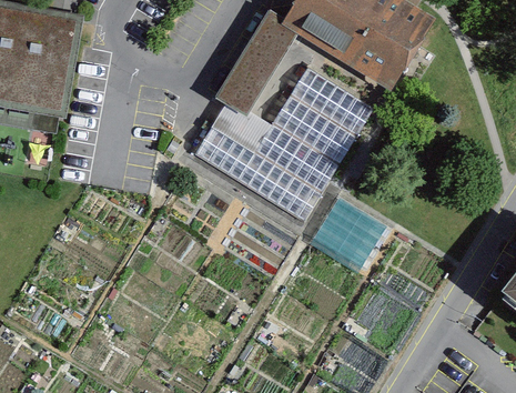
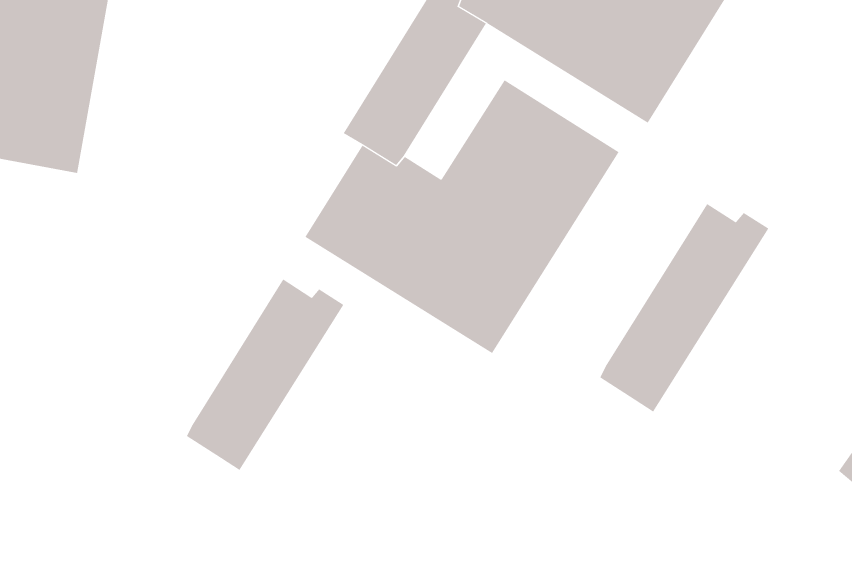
building: none -> [599,203,769,413]
building: none -> [186,279,344,471]

